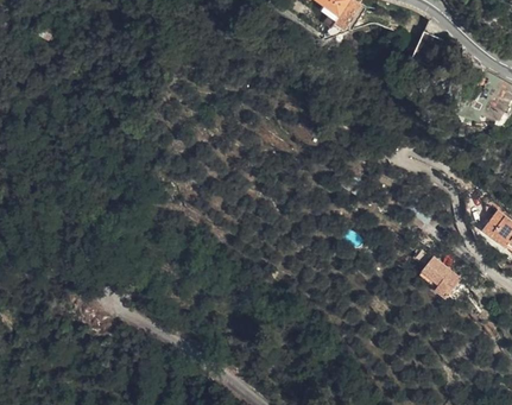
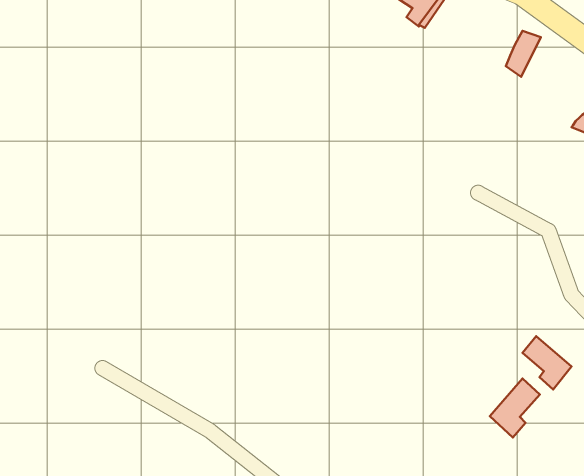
building: none -> [490,379,540,438]

